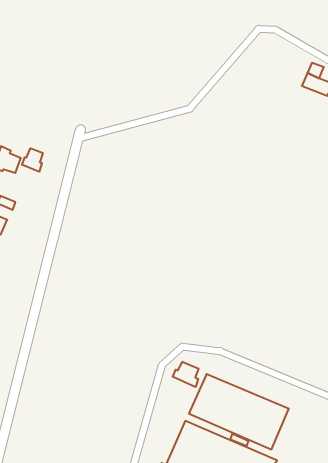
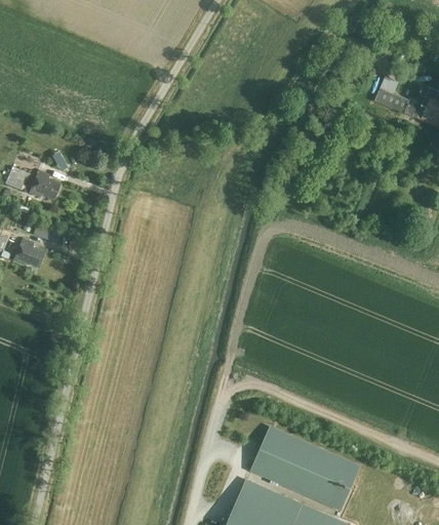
building: [22,148,43,172] -> none
building: [173,362,199,387] -> none

